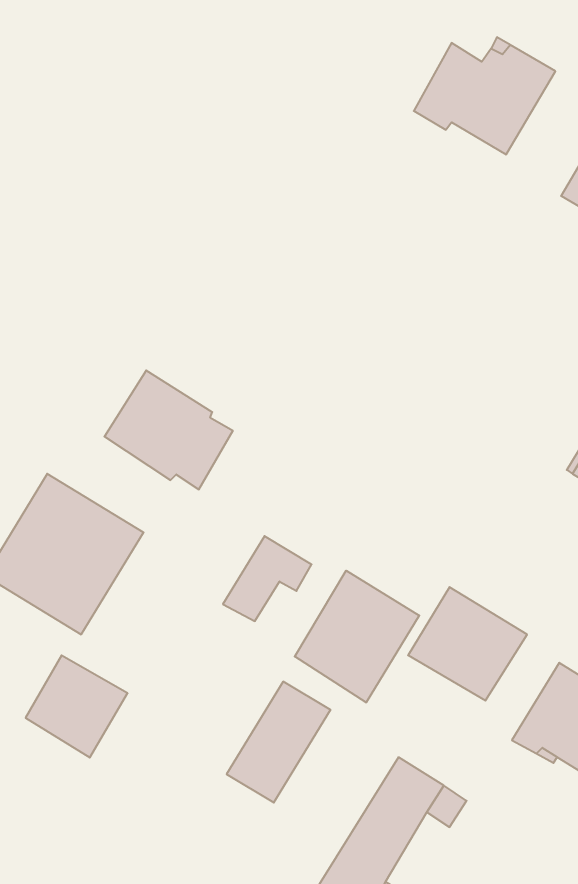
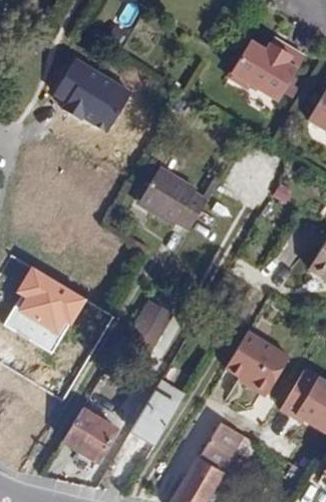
building: none -> [49,55,133,133]
building: [104,370,233,489] -> [138,166,207,229]
building: [295,571,419,703] -> none
building: [26,655,128,758] -> [62,407,116,461]

